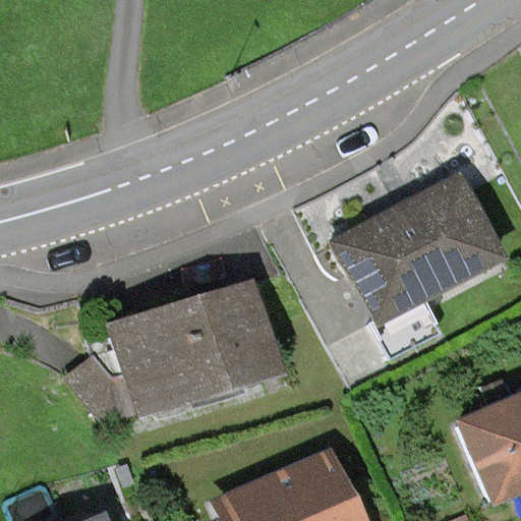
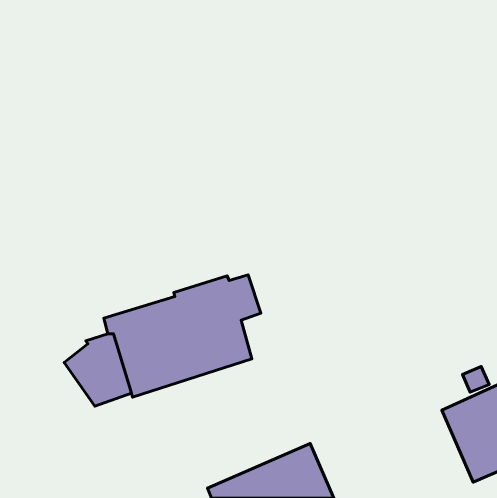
building: [322,177,499,356] -> none

